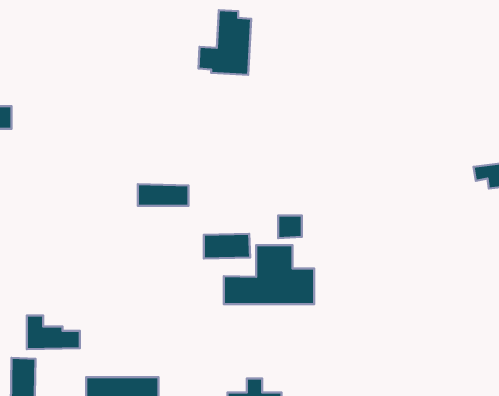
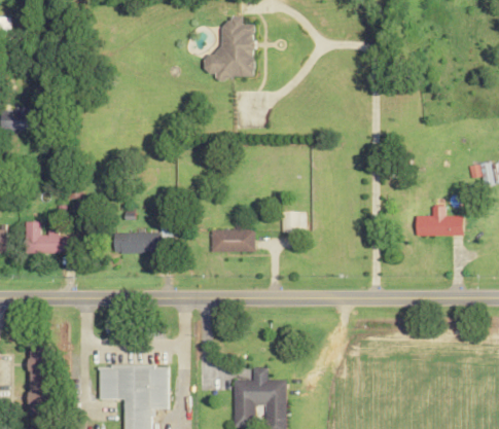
building: [138,184,189,206] -> [113,233,162,253]
building: none -> [415,207,462,237]
building: [224,245,314,304] -> none
building: [27,316,80,349] -> [25,222,75,254]

